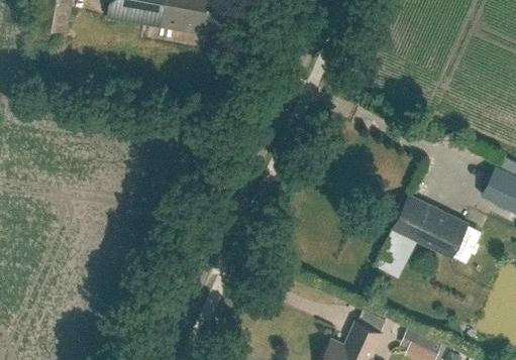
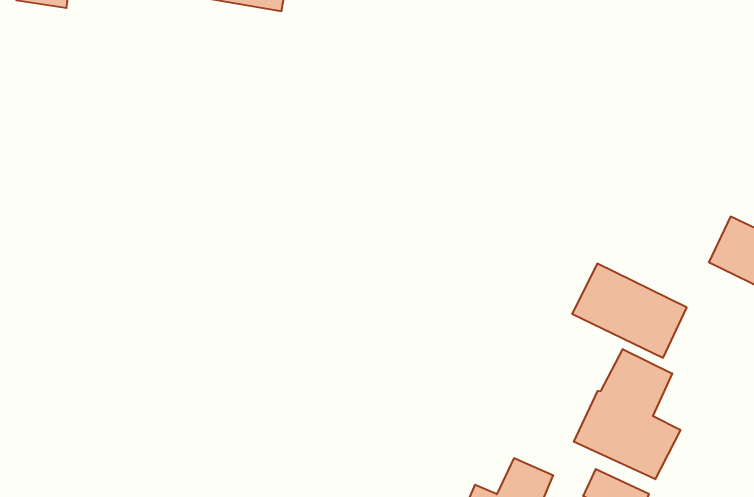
building: none -> [574,349,680,479]

